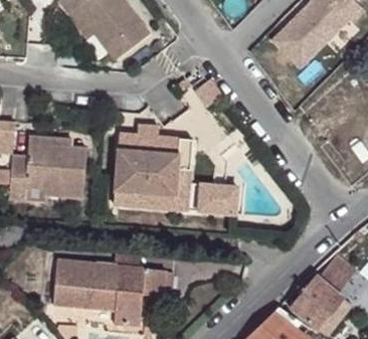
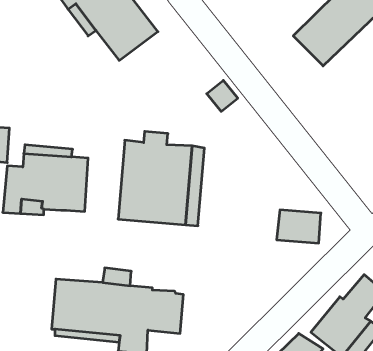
building: [198,184,238,214] -> [277,210,321,243]

